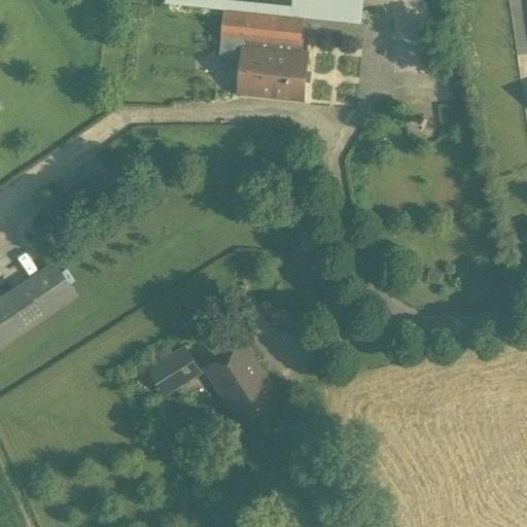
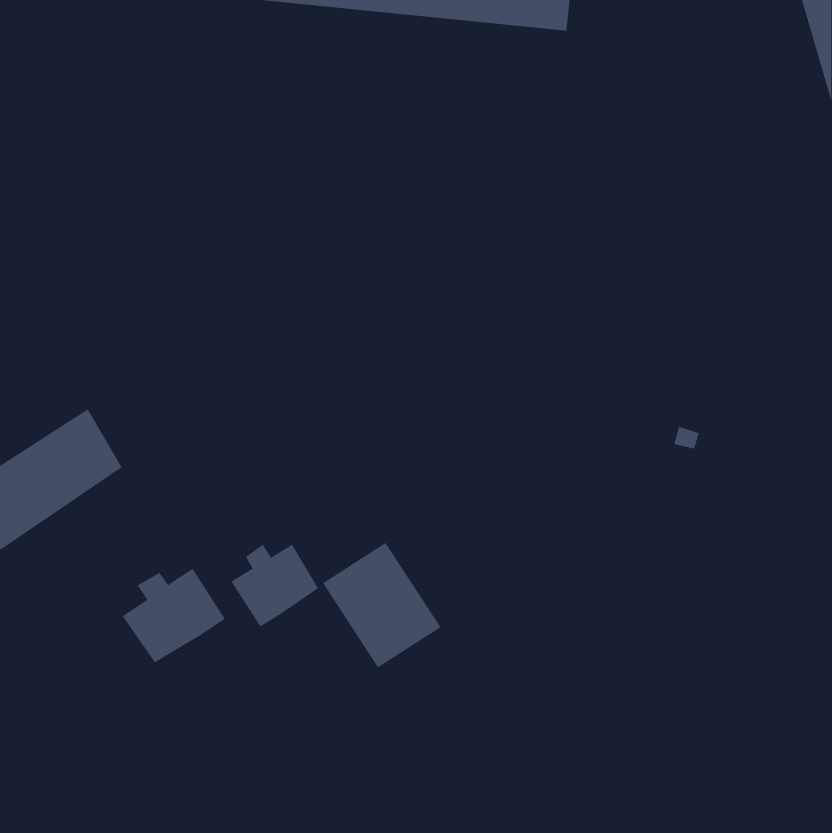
building: [217,9,307,98] -> none
building: none -> [122,568,226,663]

